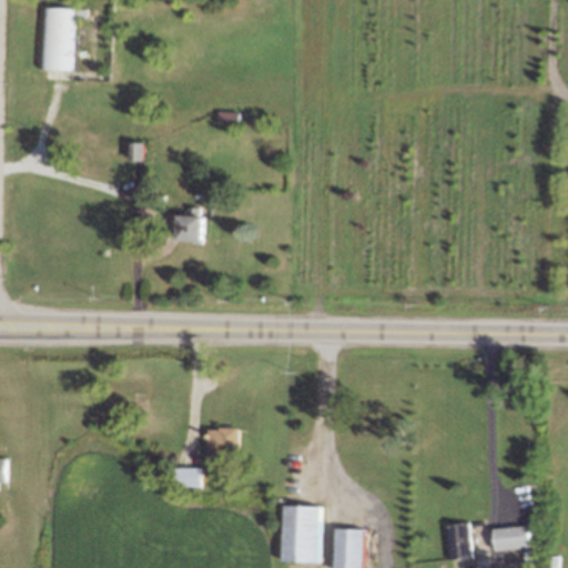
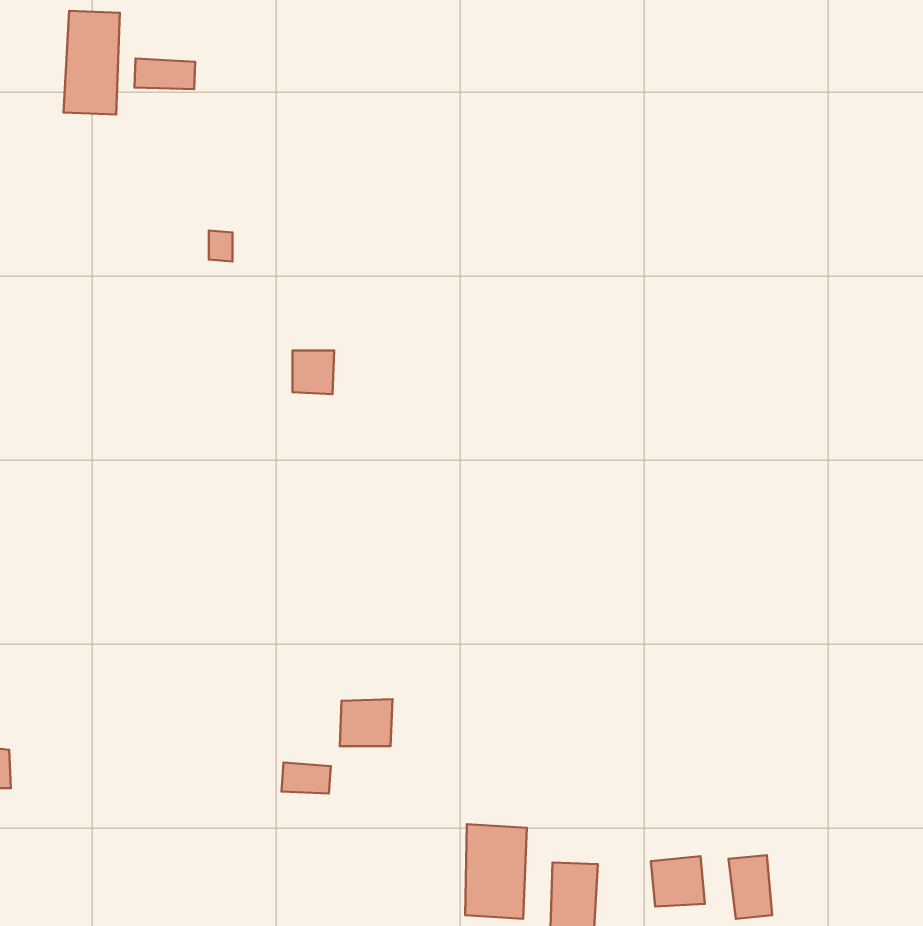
building: none -> [135,59,195,89]
building: none -> [651,856,705,907]
building: [494,526,531,550] -> none

